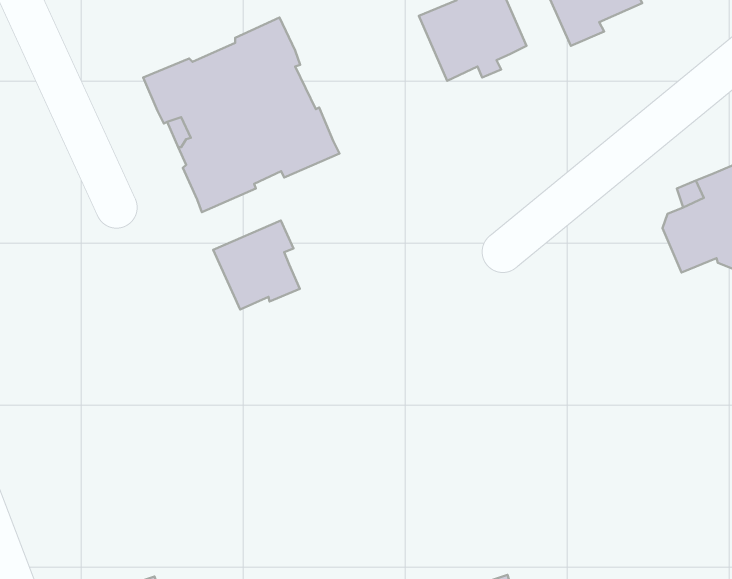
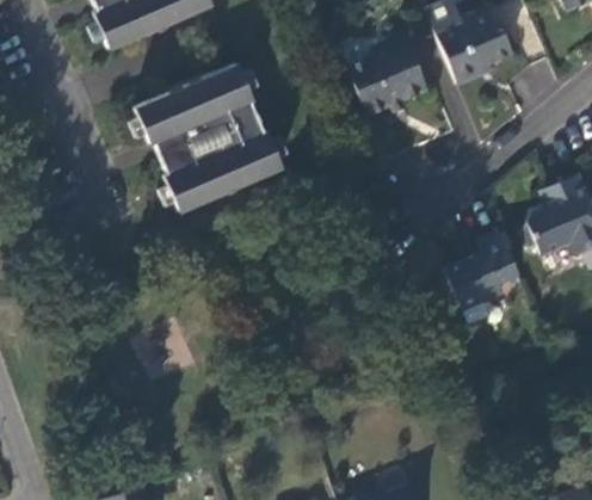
building: [213,221,300,310] -> none
building: none -> [445,233,519,319]

